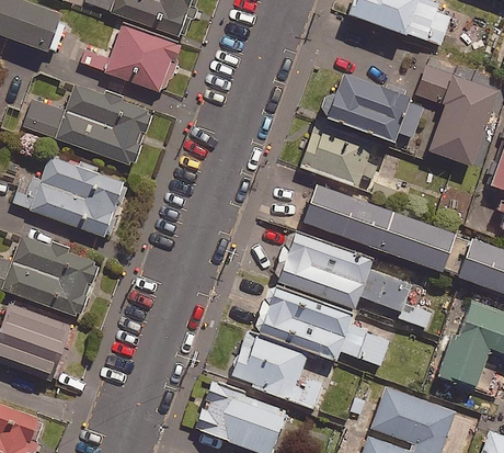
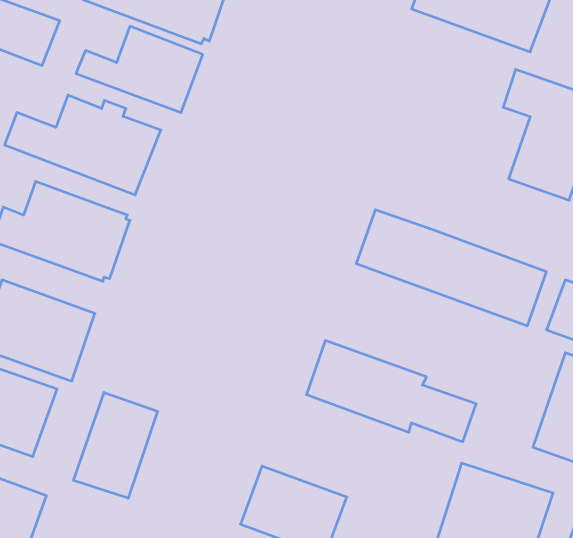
building: [323,68,433,151] -> none
building: [295,125,377,193] -> none
building: [279,226,422,317] -> none
building: none -> [74,392,158,498]
building: [236,333,333,406] -> none

